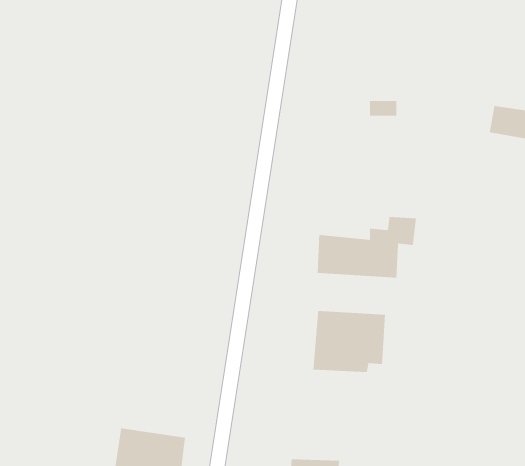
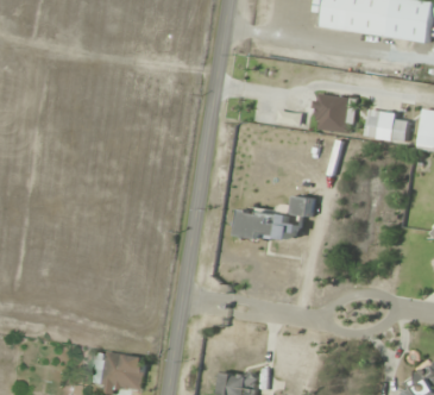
building: none -> [312,93,353,133]
building: [313,310,386,373] -> none

